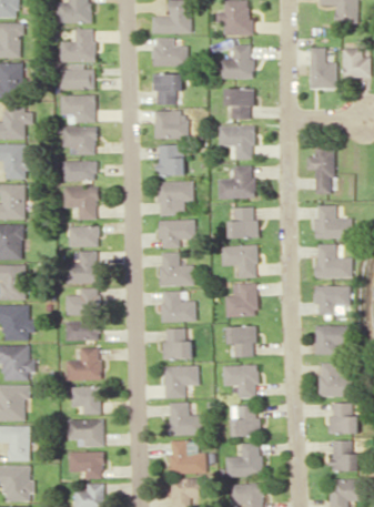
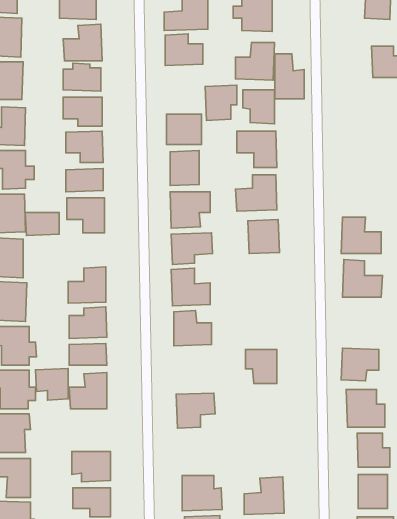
building: [310,48,336,89] -> [275,54,304,99]
building: [153,73,182,105] -> [205,85,237,120]
building: [307,149,335,194] -> none
building: [68,226,99,247] -> [25,212,59,235]
building: [221,244,259,278] -> none
building: [225,283,257,317] -> none
building: [313,285,350,314] -> none
building: [163,328,191,359] -> none
building: [222,365,257,398] -> none
building: [71,386,101,415] -> [35,369,68,400]
building: [168,402,202,436] -> none
building: [232,405,261,436] -> none

